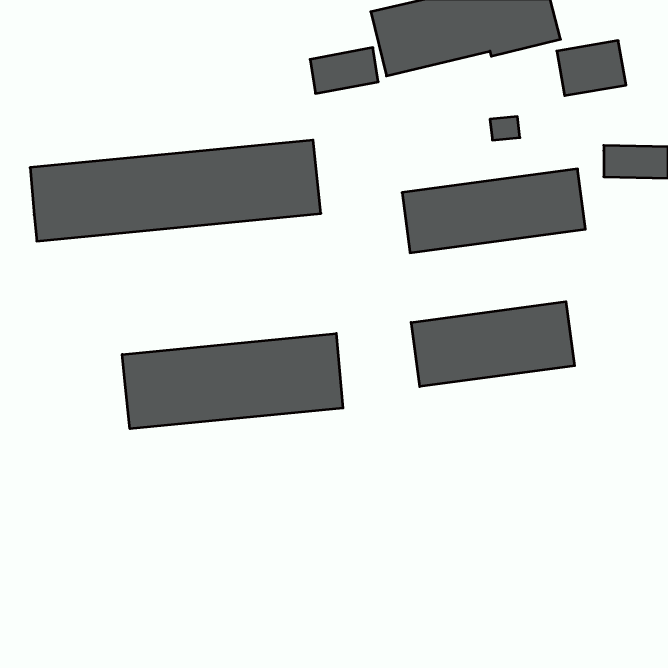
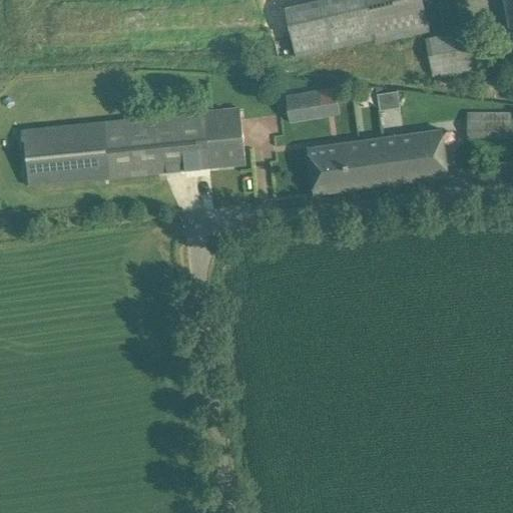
building: [310,48,378,93] -> [286,87,338,122]
building: [411,302,575,387] -> none
building: [122,333,343,429] -> none

